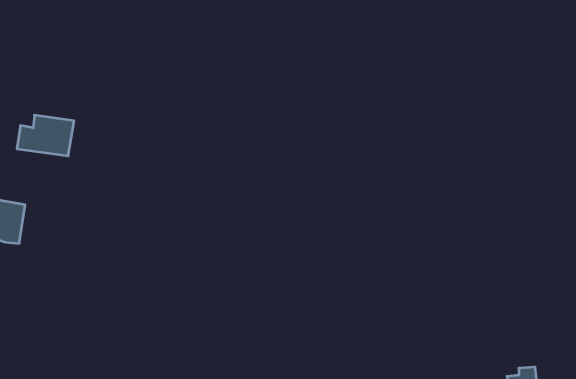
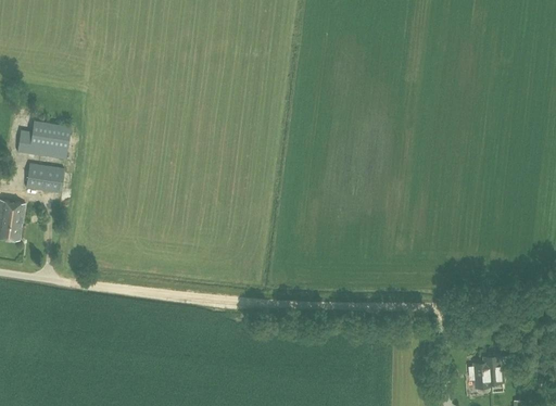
building: none -> [25,164,63,193]

